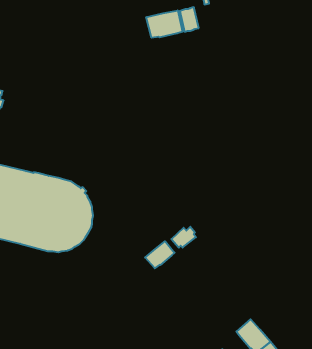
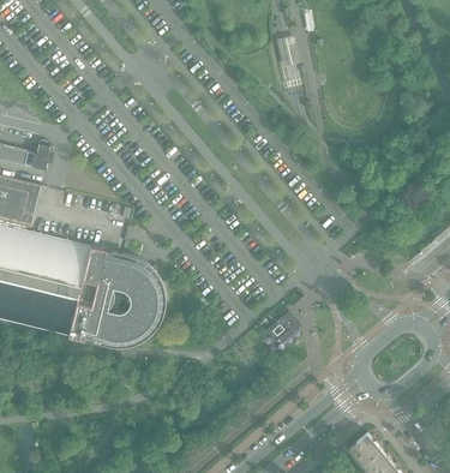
building: [146,10,183,38] -> none
building: [145,241,175,268] -> none

